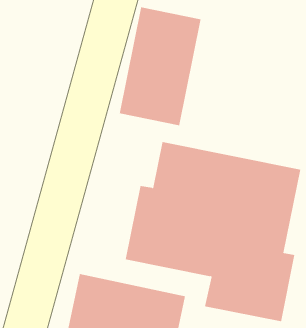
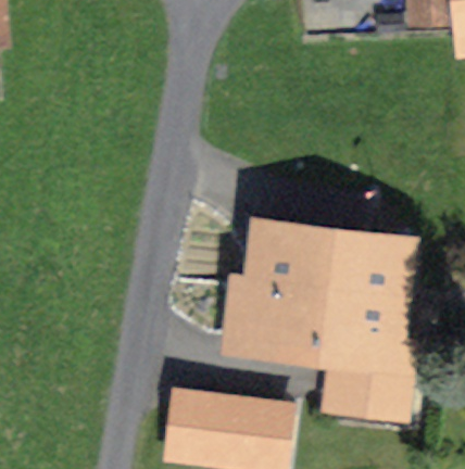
building: [119,6,201,126] -> none

